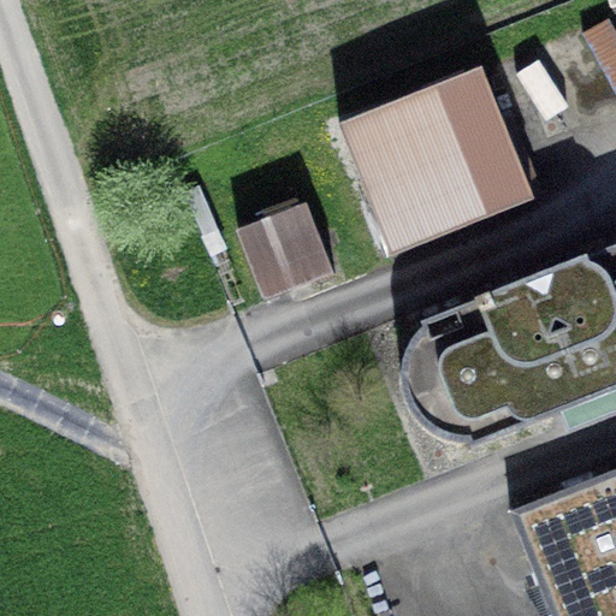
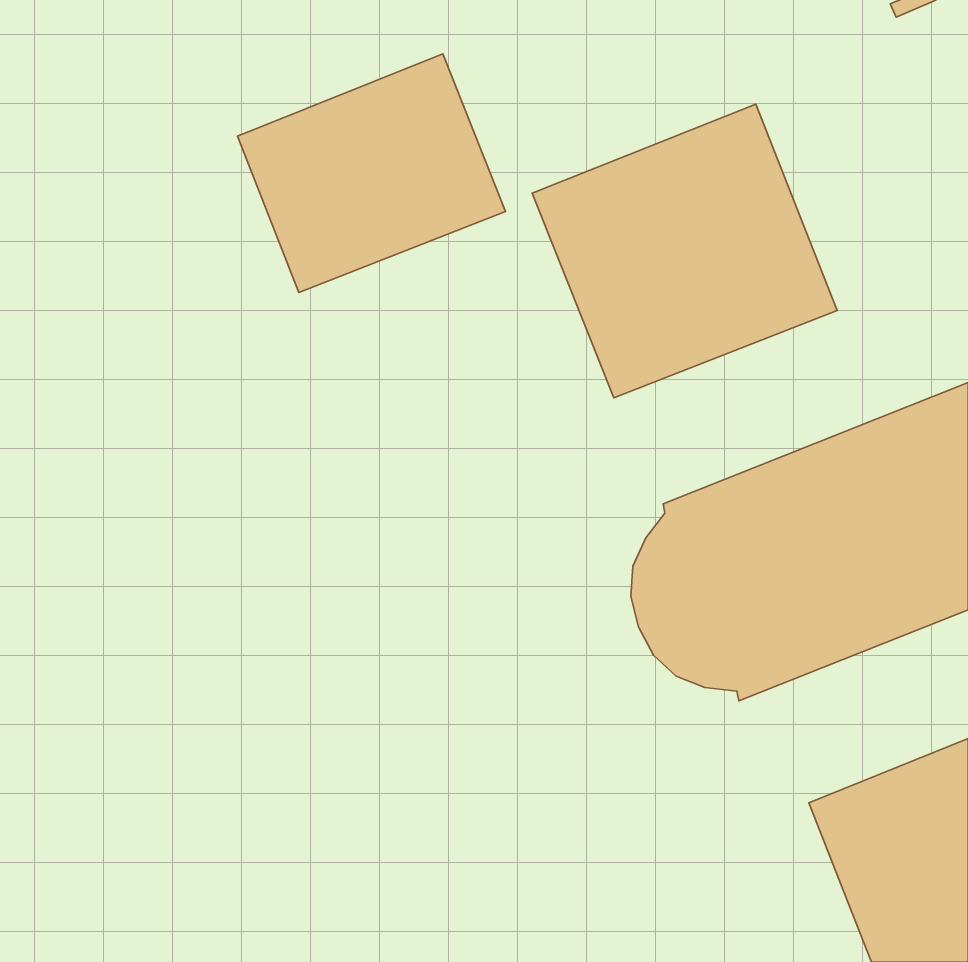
building: none -> [237,54,505,293]
building: [238,201,336,298] -> none

